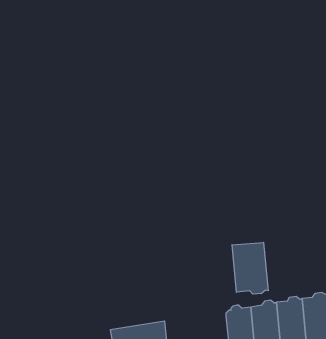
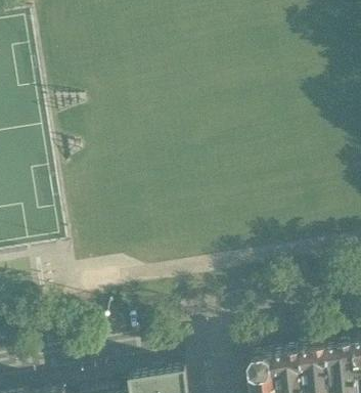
building: [232,242,268,294] -> none

